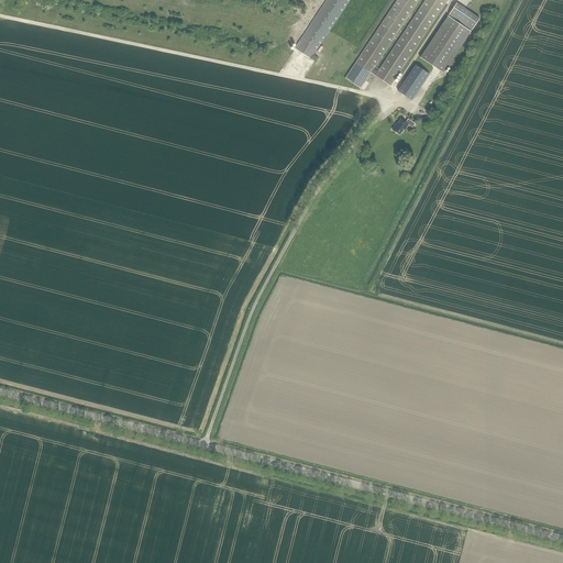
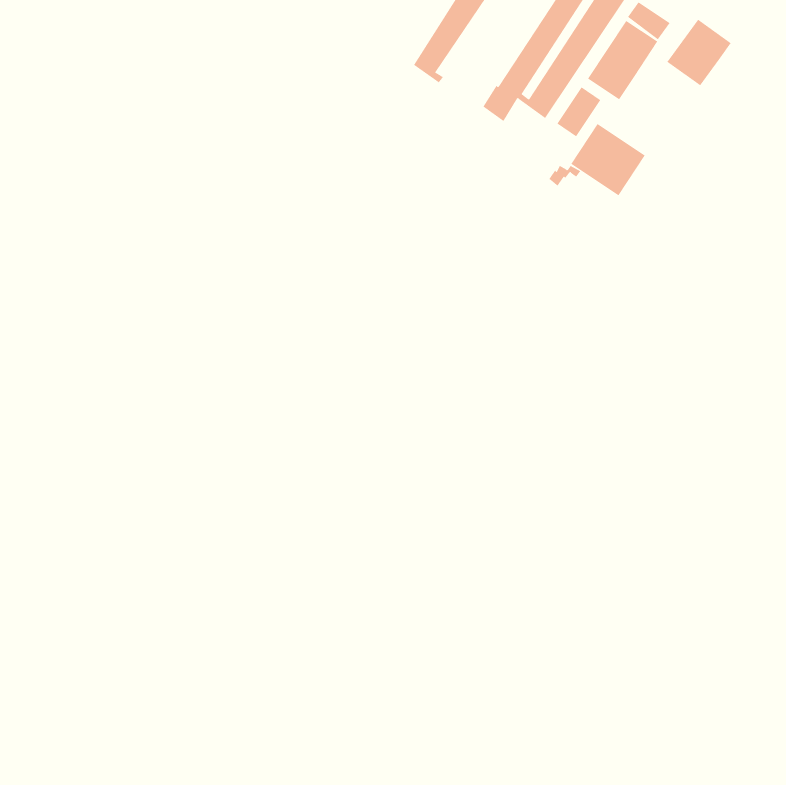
building: none -> [667,19,731,86]
building: none -> [571,123,646,196]

